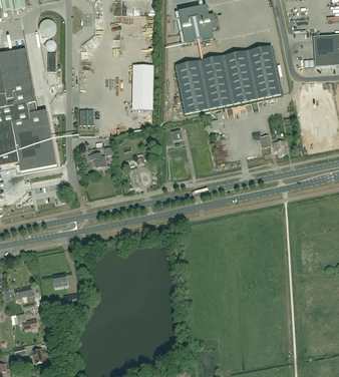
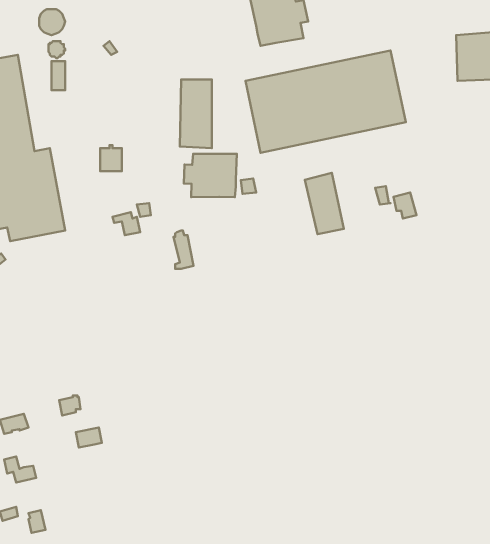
building: none -> [184,154,237,197]
building: none -> [305,173,344,234]

